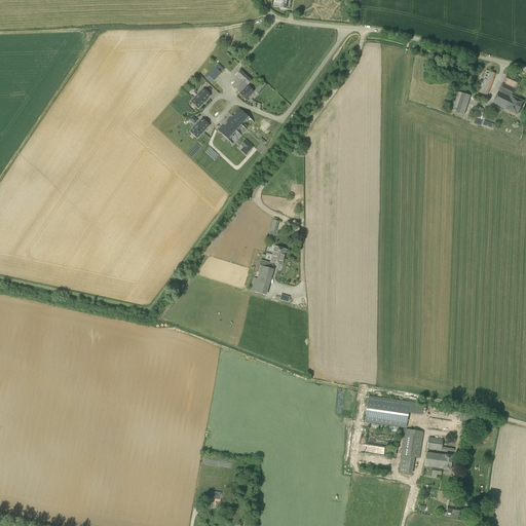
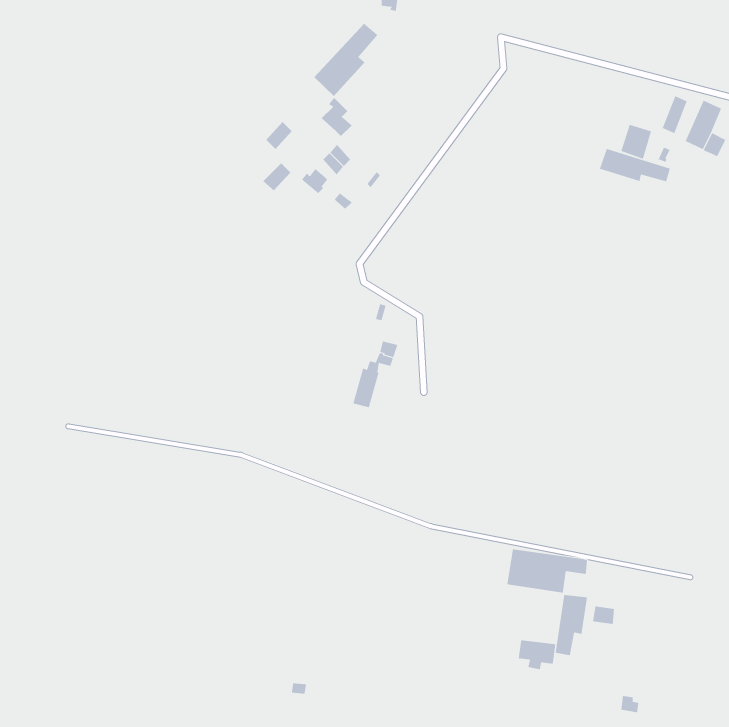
building: none -> [314,23,378,97]
building: none -> [599,148,670,182]
building: [424,452,452,474] -> [518,640,556,670]

